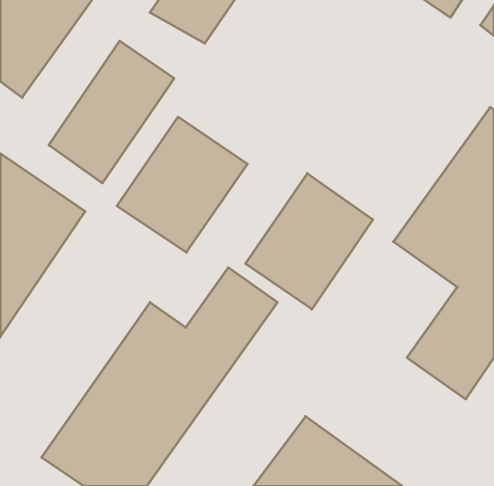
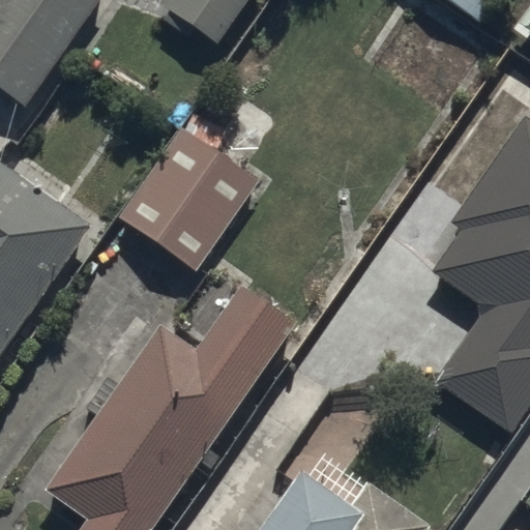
building: [49,41,174,183] -> none
building: [246,173,373,309] -> none

